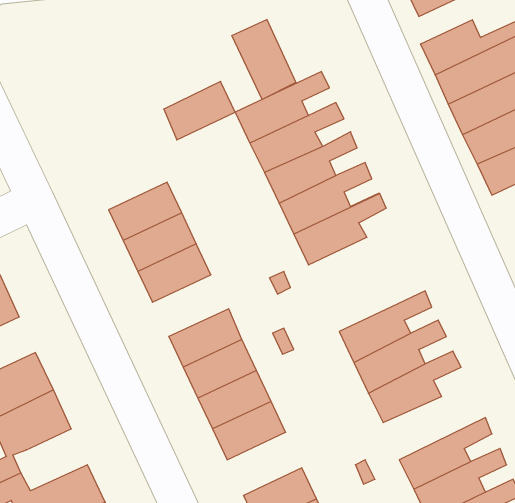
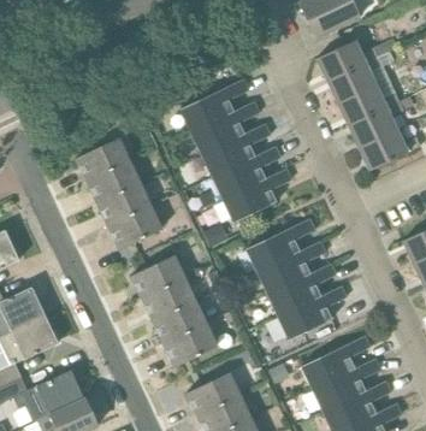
building: [232,19,296,100] -> none
building: [164,81,235,140] -> [76,137,129,181]
building: none -> [245,218,315,271]

